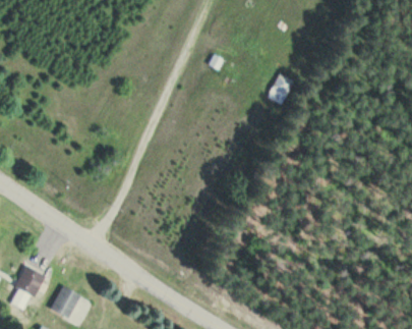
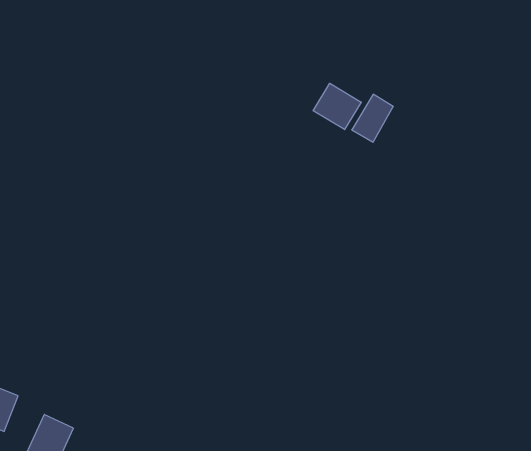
building: none -> [313,83,361,130]

